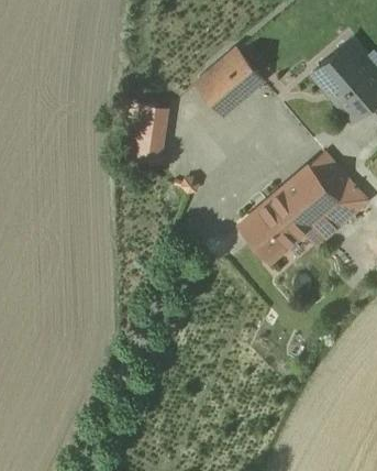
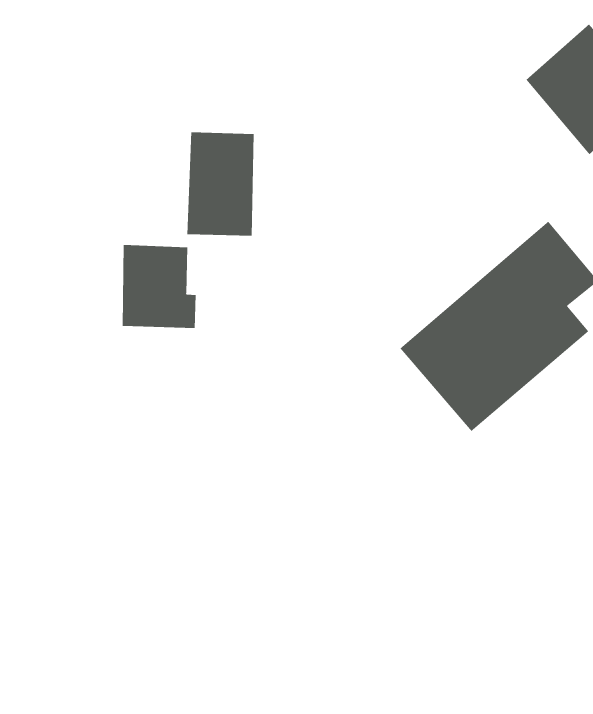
building: [199,50,263,112] -> none
building: none -> [122,244,196,329]

